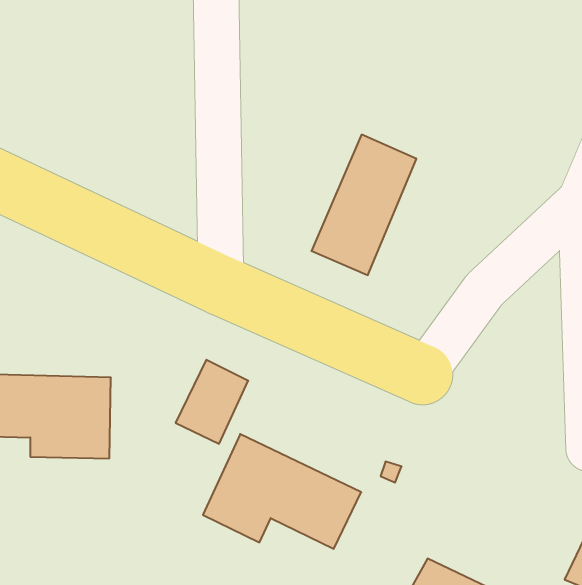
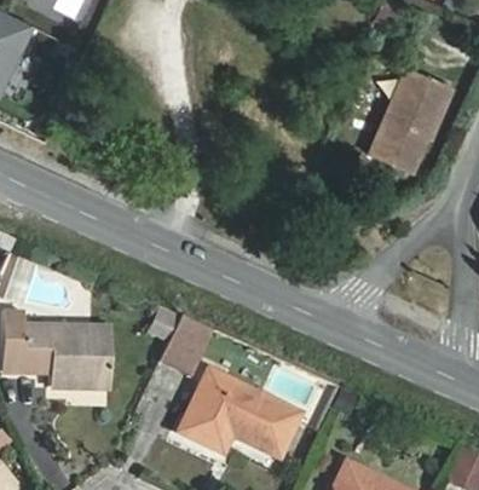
building: [311,135,416,275] -> [370,68,449,173]

